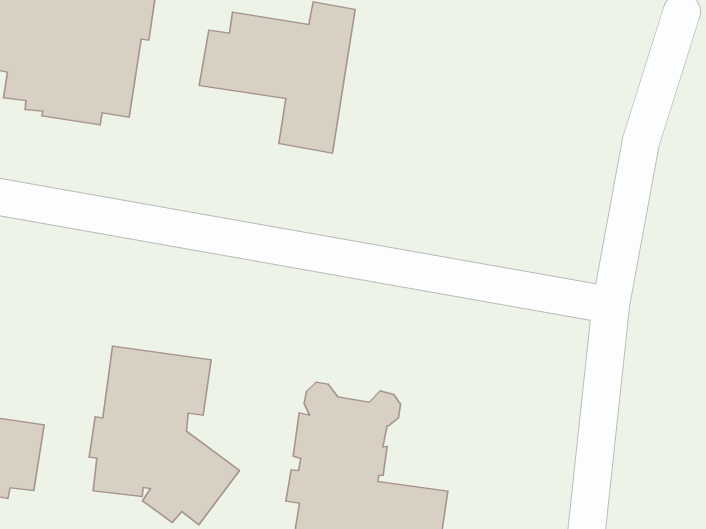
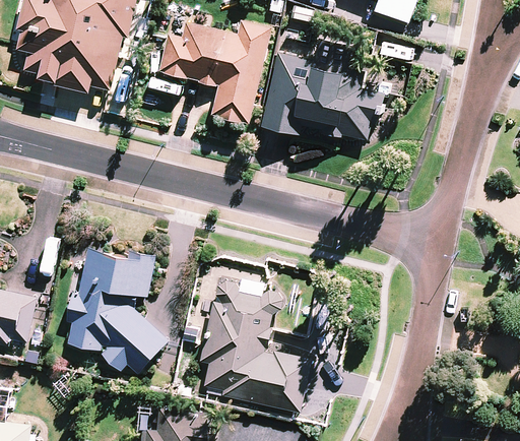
building: none -> [259,40,384,141]

